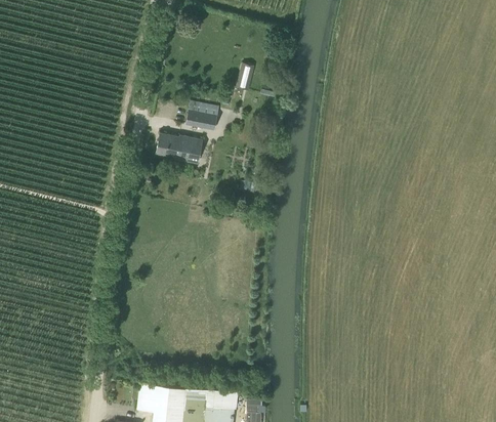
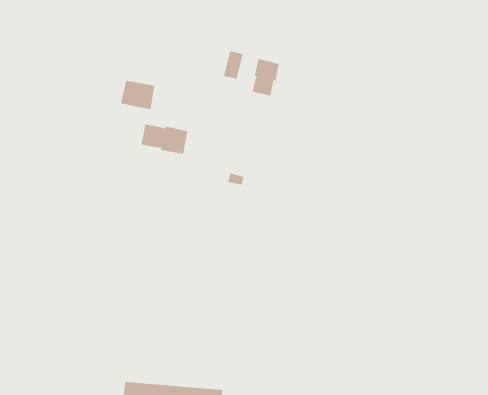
building: none -> [252,58,279,97]
building: [185,102,219,131] -> [120,80,155,110]

